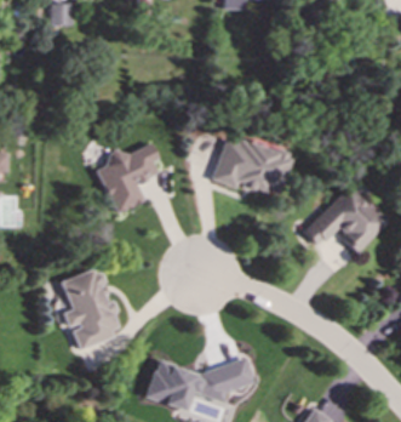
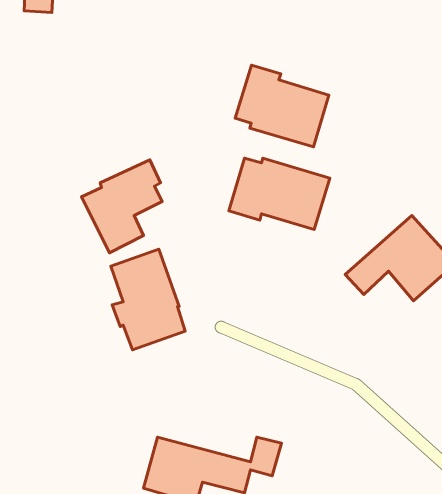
building: none -> [235,65,329,147]
building: [63,268,121,347] -> [111,249,185,350]

